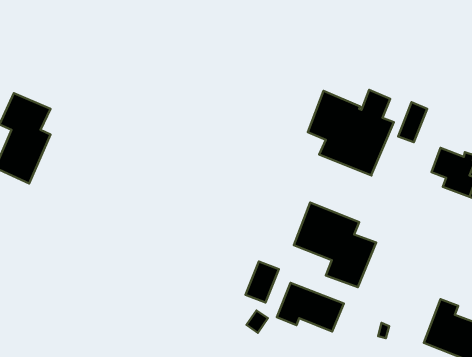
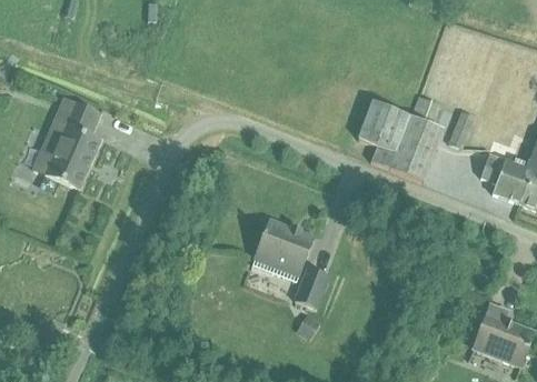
building: [294,203,376,287] -> none
building: none -> [251,219,314,271]
building: [277,283,344,332] -> none

